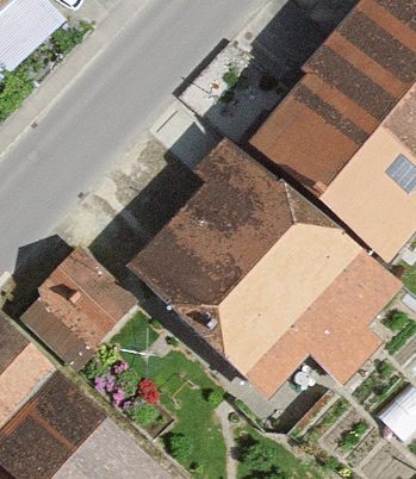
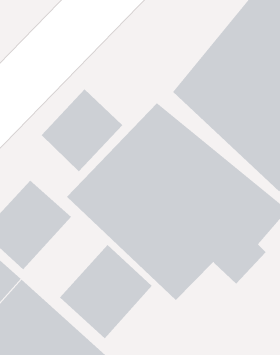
building: none -> [41,88,123,172]
building: none -> [59,244,152,339]

